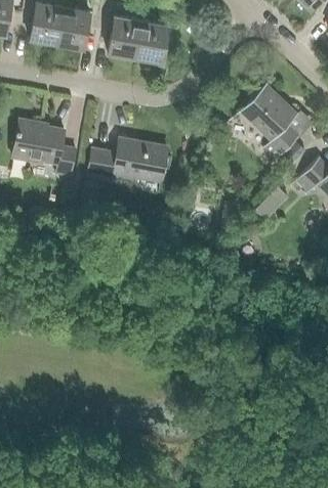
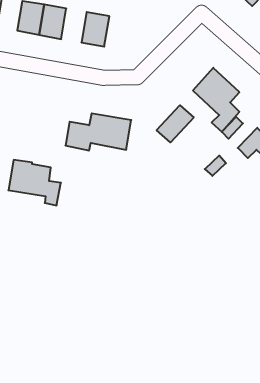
building: [135,21,169,63] -> none
building: [13,122,77,177] -> [8,160,61,205]
building: none -> [157,105,194,142]

